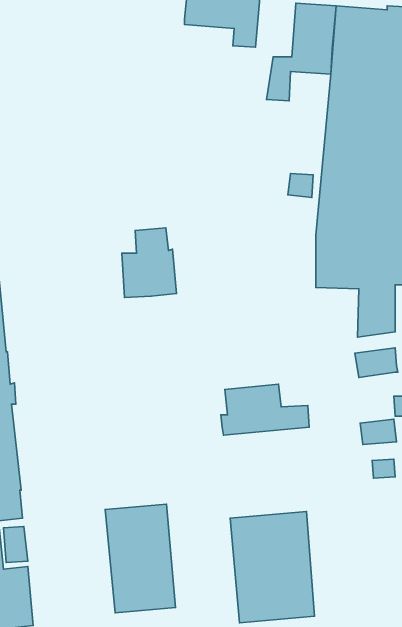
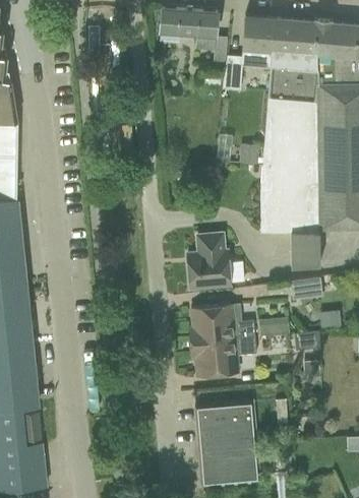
building: [122,228,177,298] -> [188,235,230,288]
building: none -> [259,318,290,337]
building: none -> [190,337,257,377]
building: [105,504,175,613] -> none

